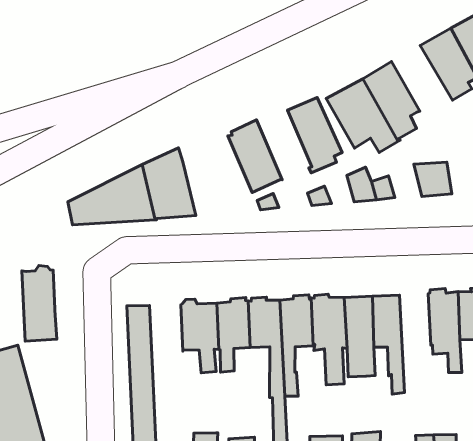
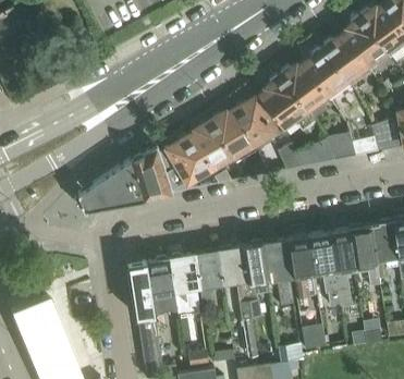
building: none -> [302,49,350,101]
building: none -> [208,107,253,163]
building: none -> [158,132,211,193]
building: [22,265,57,341] -> [146,257,177,314]
building: none -> [328,230,355,305]

